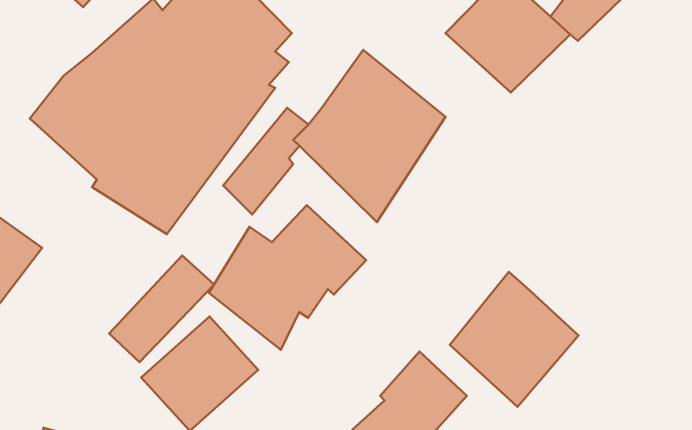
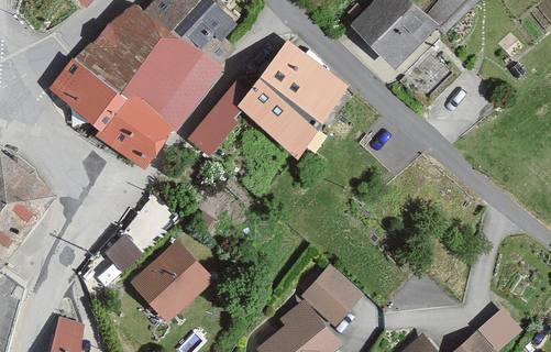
building: [209,205,366,350] -> none
building: [450,272,578,407] -> none

